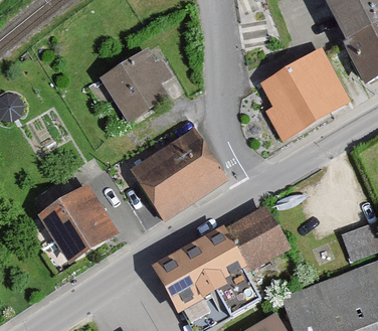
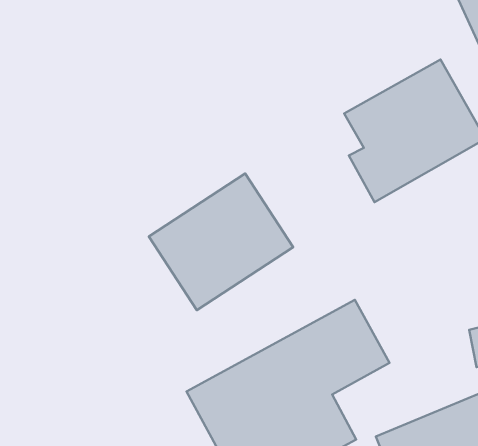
building: [104,51,174,120] -> none
building: [39,185,119,262] -> none

